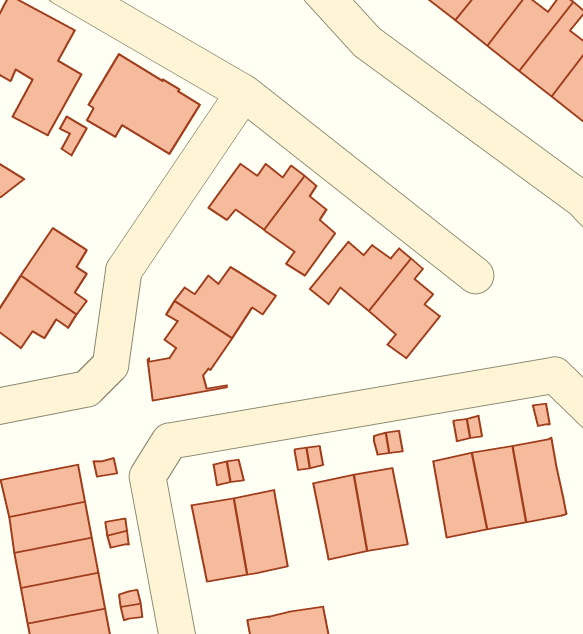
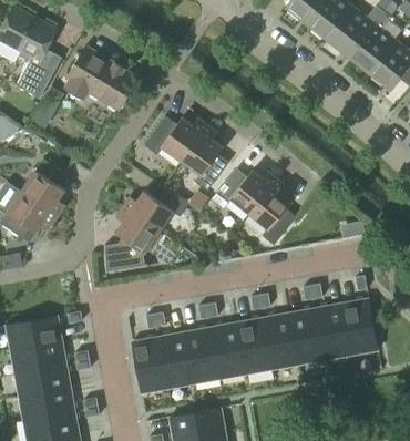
building: none -> [264,312,299,367]
building: none -> [186,327,222,381]

